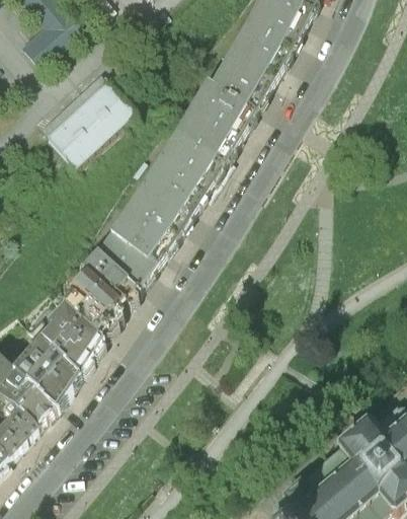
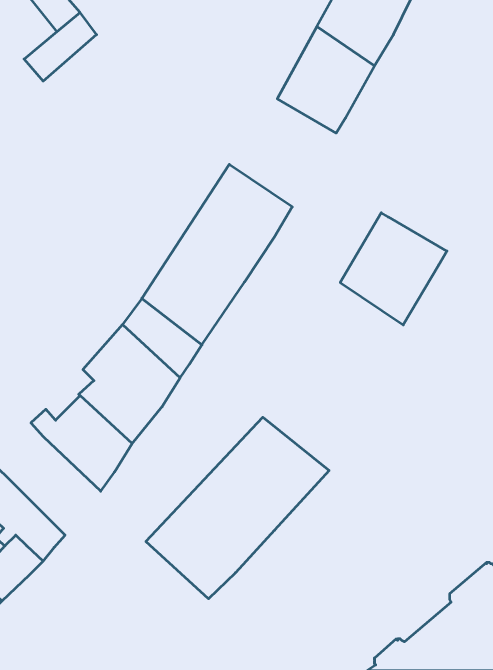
building: [173,80,252,163] -> [340,213,447,325]
building: [38,83,133,173] -> none
building: none -> [146,417,329,599]
building: [8,333,78,406] -> none

